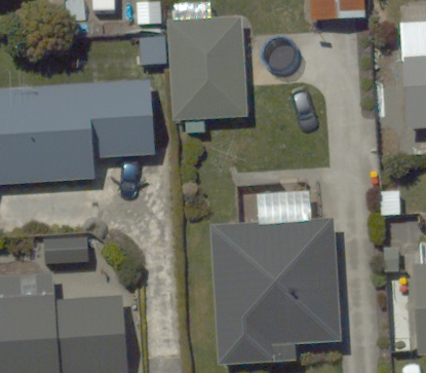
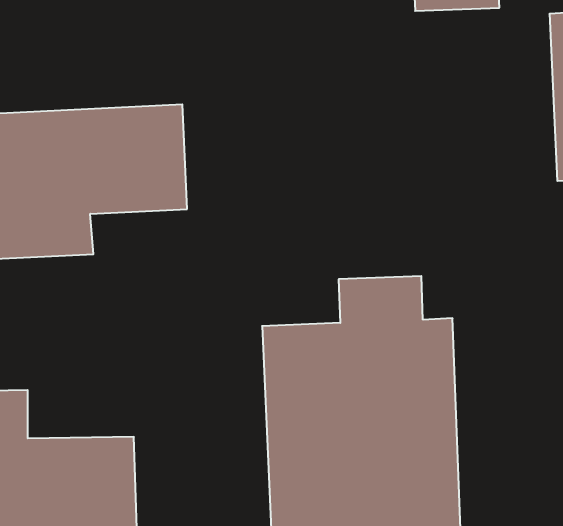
building: [167,16,259,115] -> none

